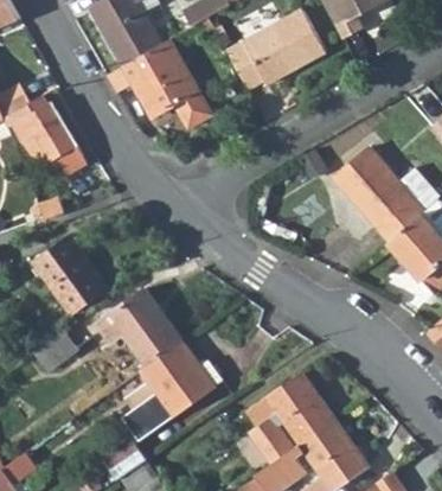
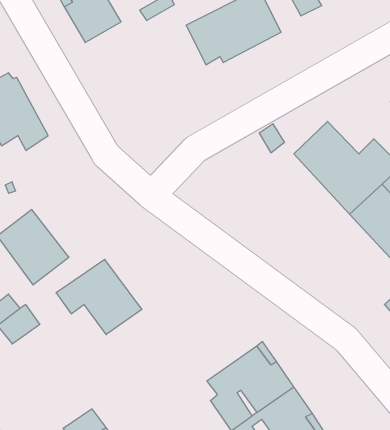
building: [105,39,211,129] -> none
building: [122,339,222,439] -> none

